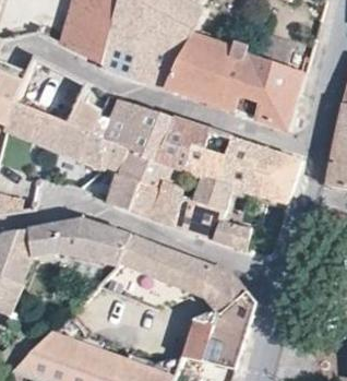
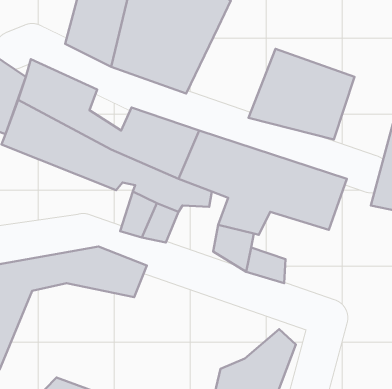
building: [163,32,239,109] -> none
building: [145,184,182,227] -> none
building: [118,236,242,315] -> none

